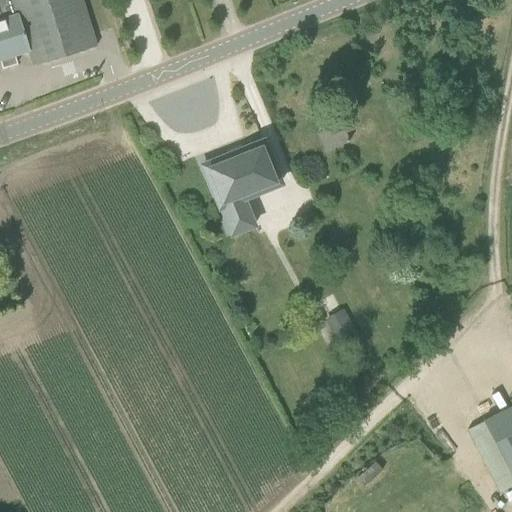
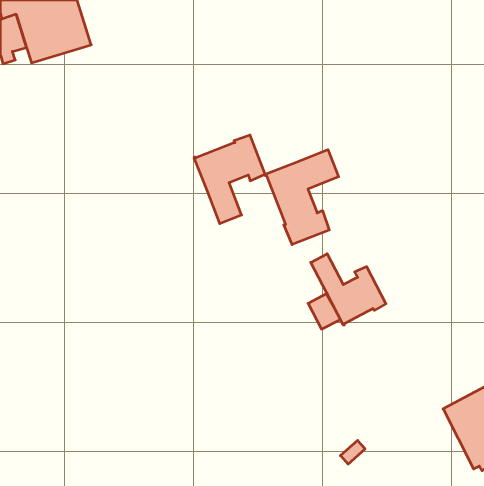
building: none -> [265,150,339,245]
building: none -> [311,254,386,325]

